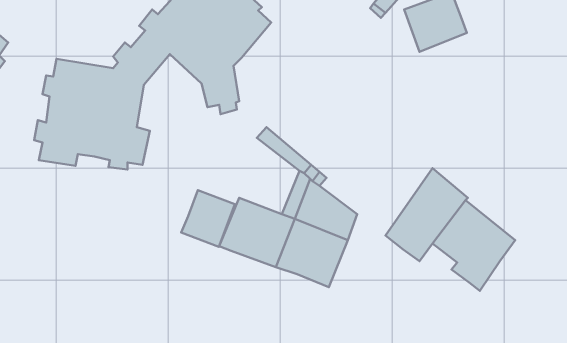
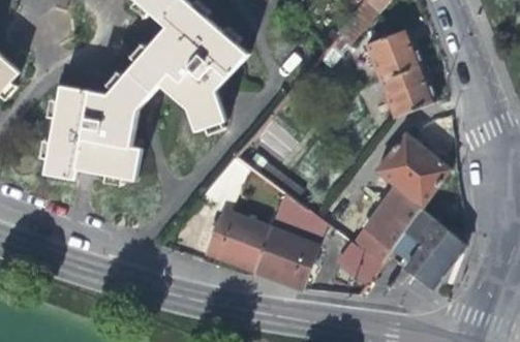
building: none -> [379,63,435,116]
building: none -> [375,132,451,208]
building: [181,190,235,247] -> none
building: none -> [333,241,379,286]

